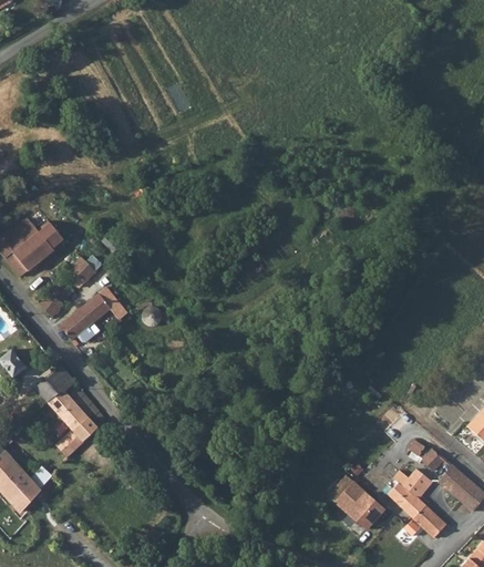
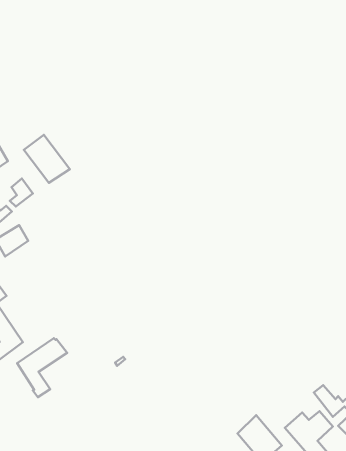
building: none -> [24,135,70,183]
building: [83,288,119,322] -> none
building: none -> [17,338,67,397]

